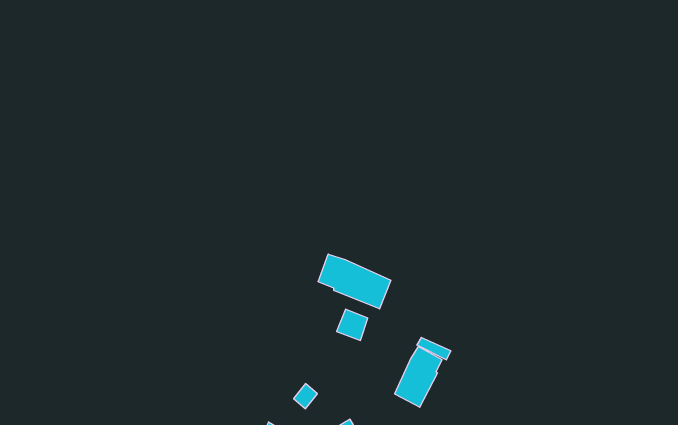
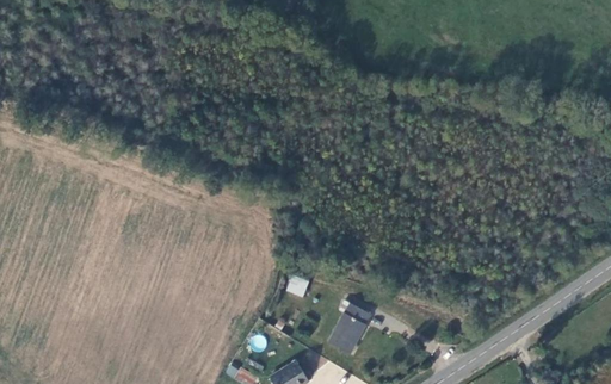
building: [318,254,391,309] -> none

